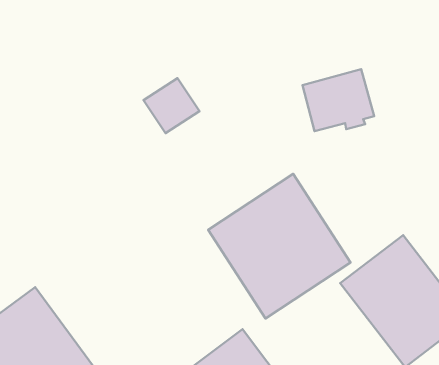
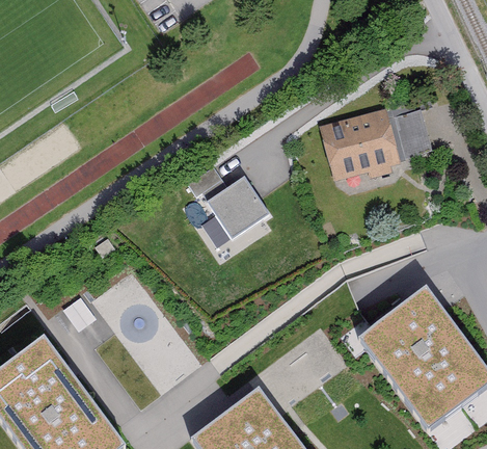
building: [144,78,199,133] -> [207,180,265,237]
building: [208,174,351,318] -> none

